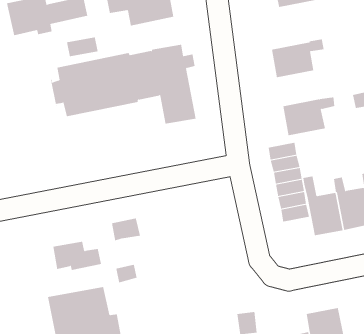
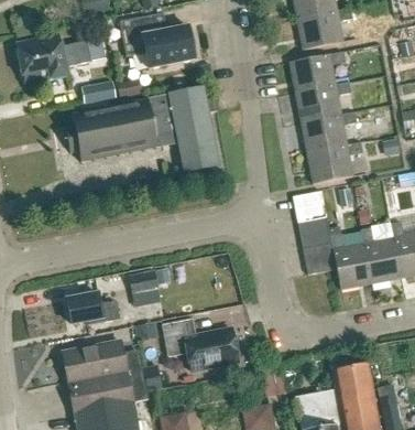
building: none -> [291,51,347,93]
building: none -> [302,111,358,152]
building: none -> [162,316,238,369]

